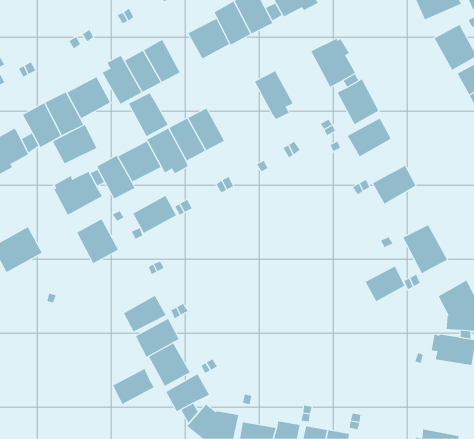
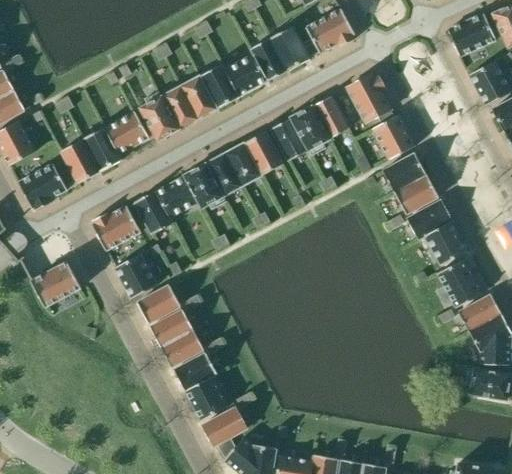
building: none -> [312,94,350,138]
building: none -> [271,116,309,160]
building: [128,92,168,137] -> [200,63,240,107]
building: none -> [244,130,284,175]
building: [52,124,97,165] -> none
building: none -> [395,173,439,213]
building: none -> [425,220,467,265]
building: [132,195,177,234] -> [137,284,181,322]
building: [365,266,405,302] -> [462,293,502,329]
building: none -> [150,308,193,346]
building: [113,368,155,405] -> none

